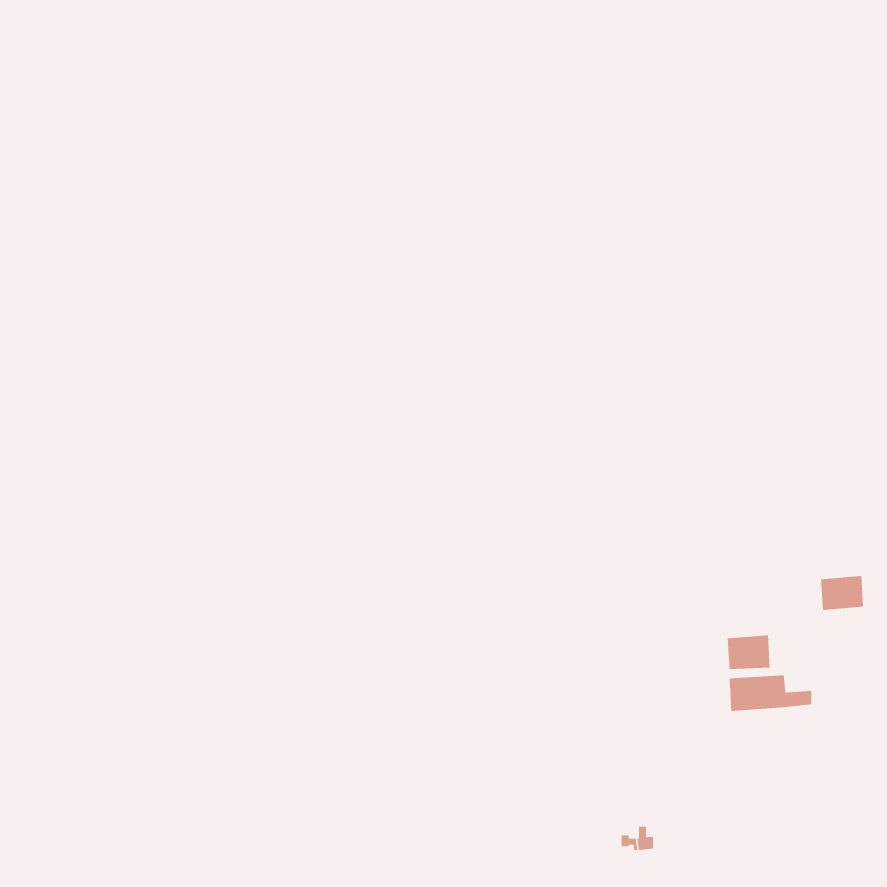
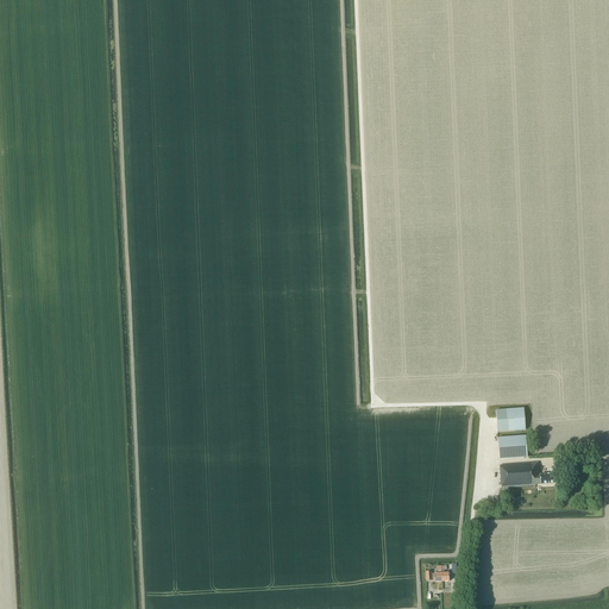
building: [820,576,864,610] -> [495,407,525,431]

